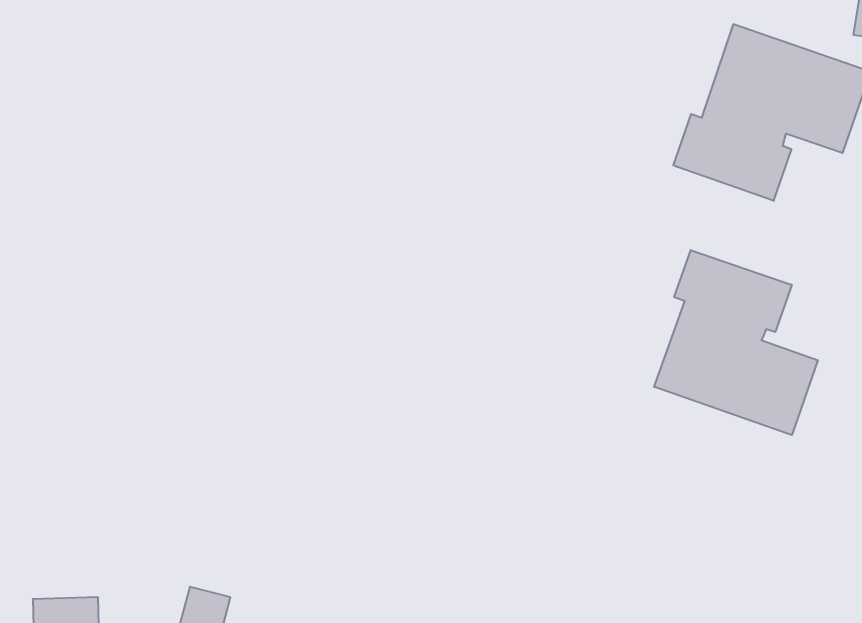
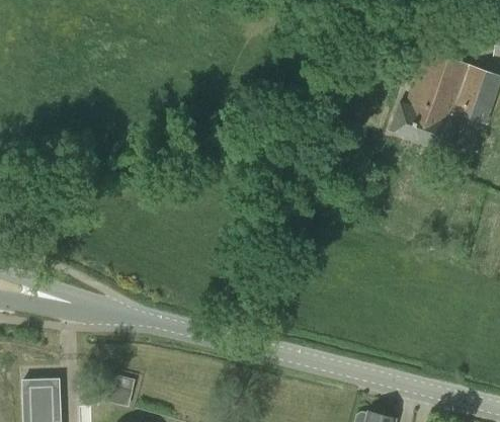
building: [654,250,818,435] -> none

